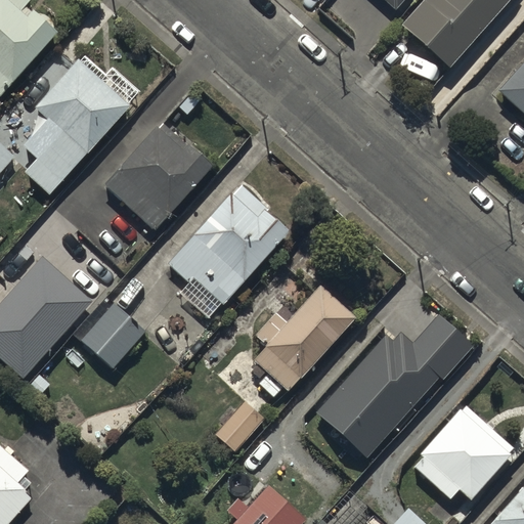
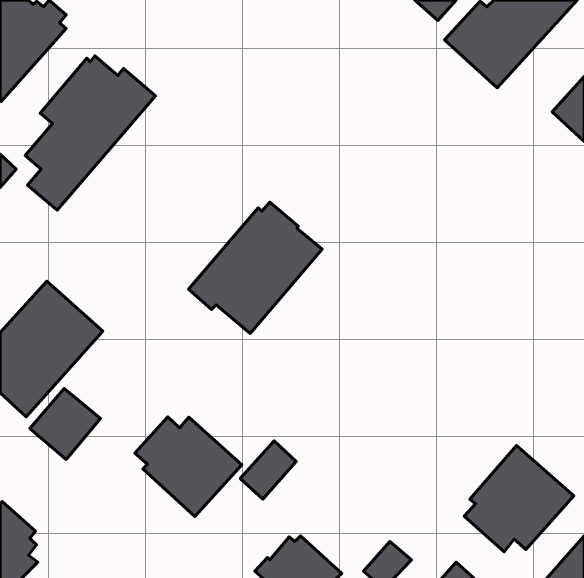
building: [104,124,215,228] -> none
building: [255,283,356,398] -> none
building: [82,304,145,367] -> [30,389,101,459]
building: [316,313,475,456] -> none
building: none -> [135,417,242,517]

